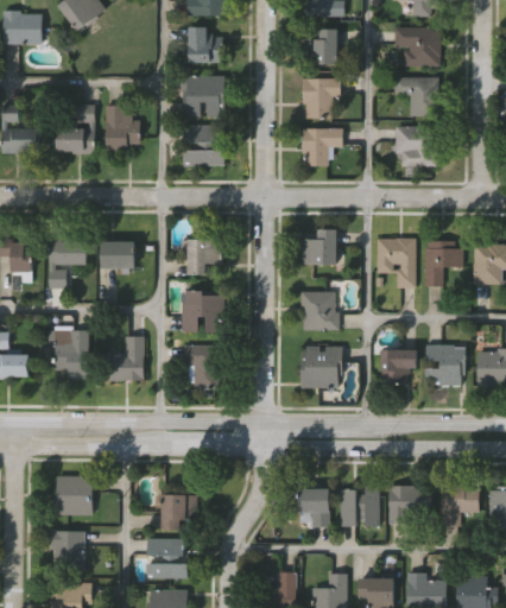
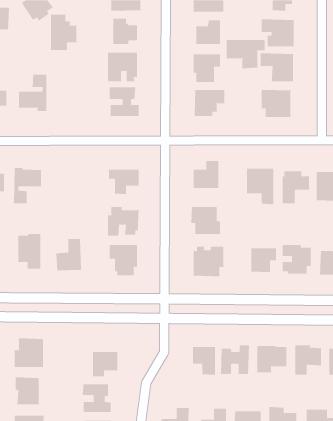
building: none -> [226,39,265,69]
building: [105,103,143,154] -> [50,14,77,51]
building: [100,240,137,268] -> none

